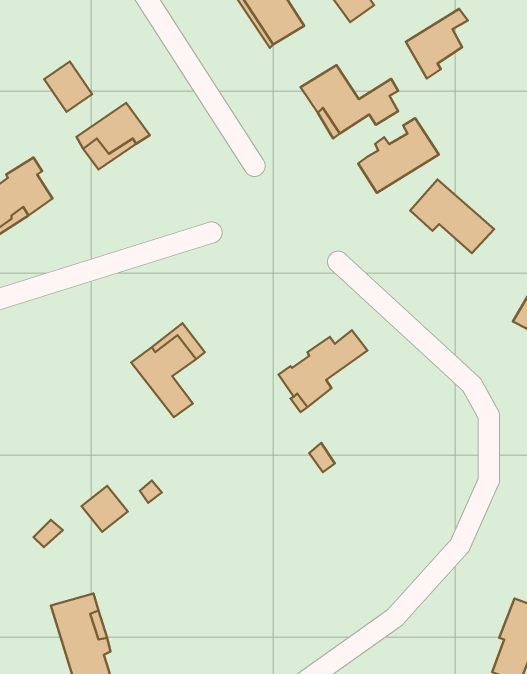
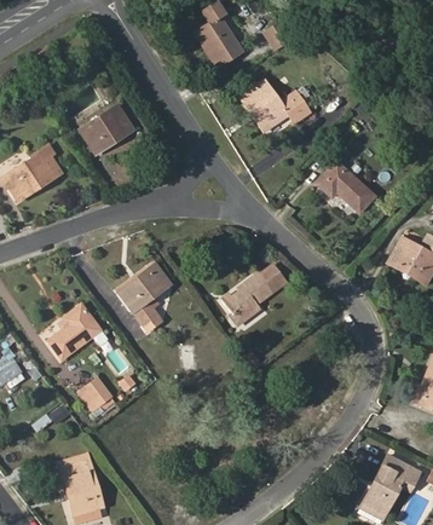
building: [406,9,468,79] -> none
building: [44,61,92,112] -> none
building: [358,118,439,193] -> none
building: none -> [51,302,103,358]

